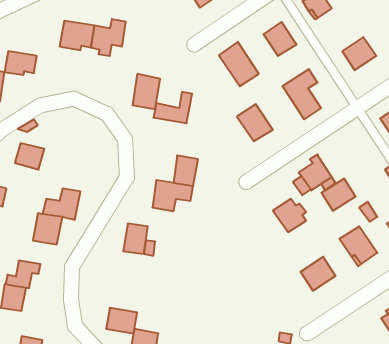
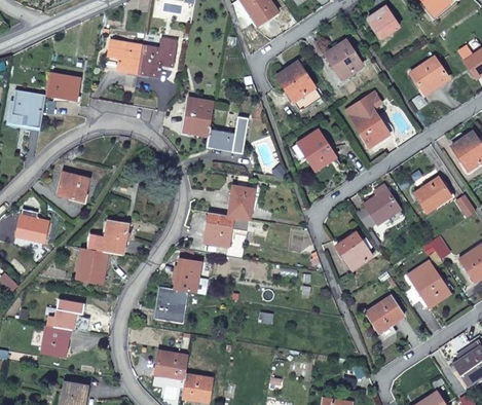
building: [321,179,356,211] -> [414,177,451,212]
building: none -> [155,286,187,321]

